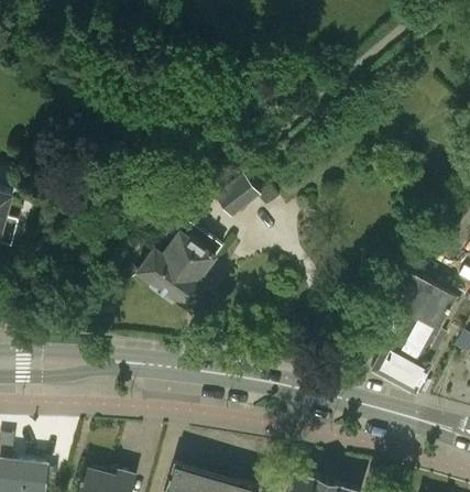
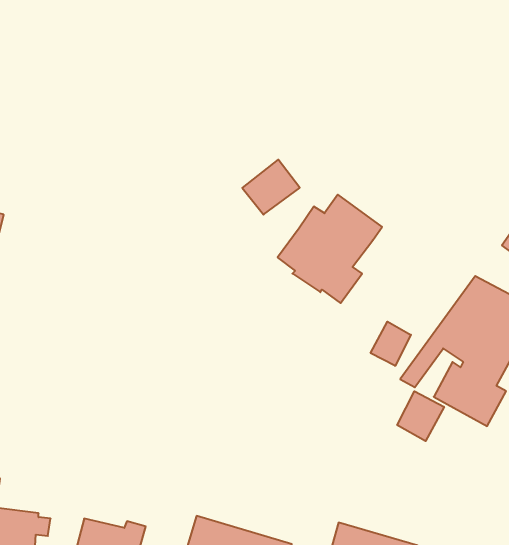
building: [138,219,223,308] -> [278,195,382,303]
building: none -> [371,322,411,366]
building: none -> [397,391,444,441]

